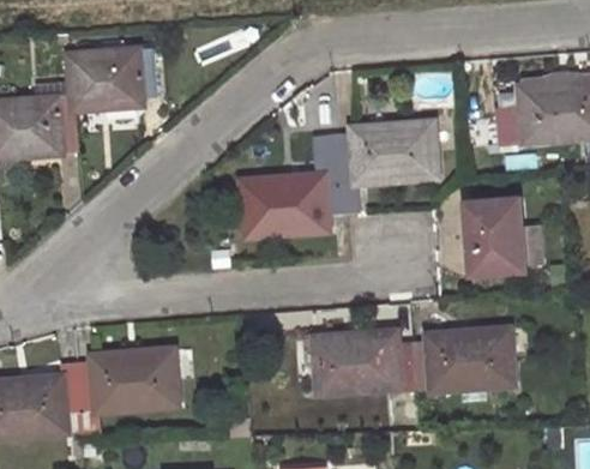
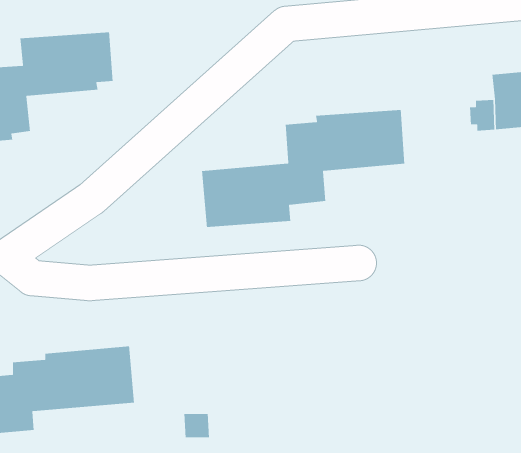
building: [466,199,523,272] -> none
building: [314,329,512,392] -> none

